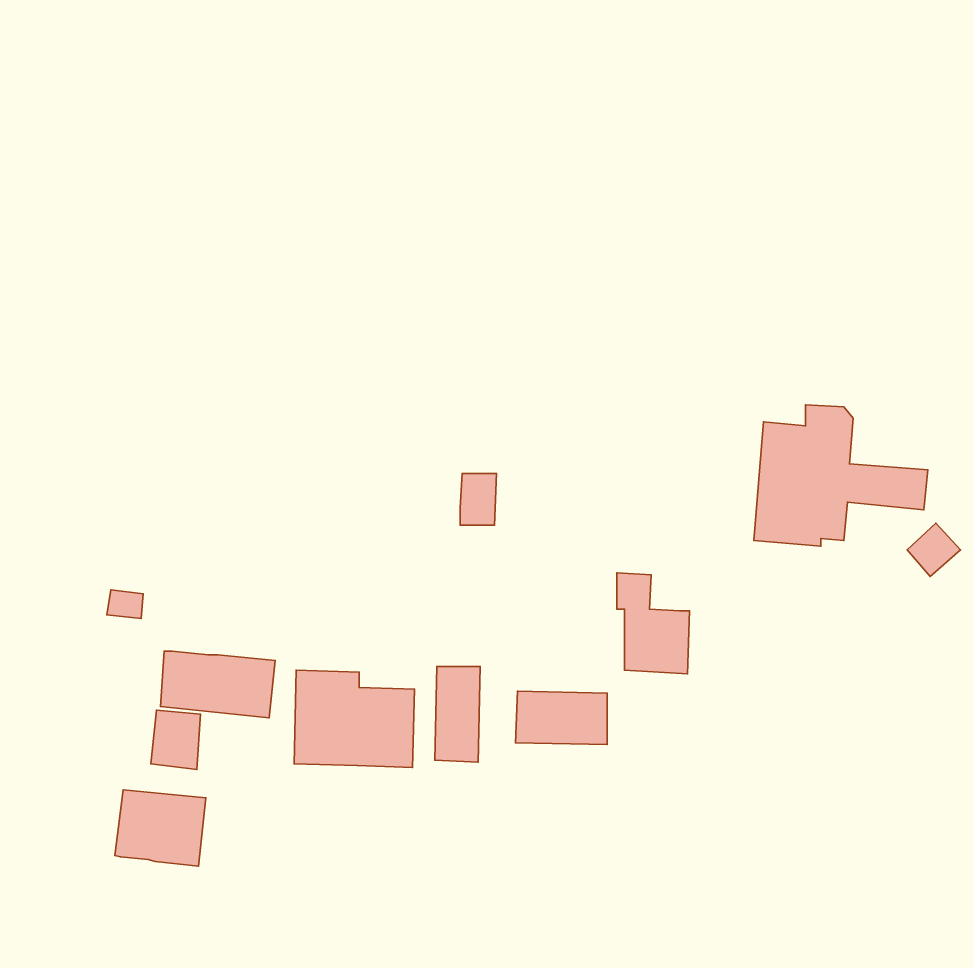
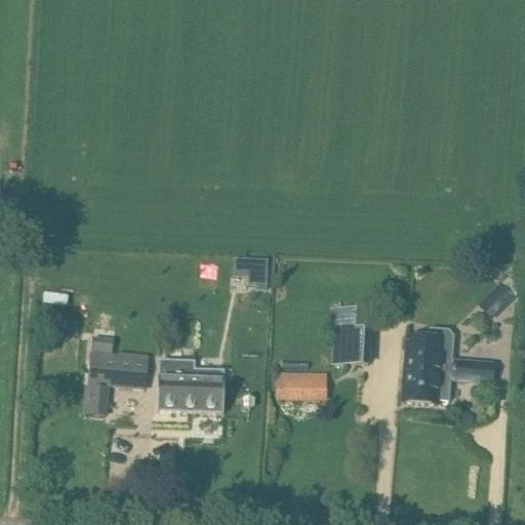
building: [754,405,928,546] -> [402,327,495,403]
building: [435,667,480,762] -> none
building: [115,790,206,866] -> none

